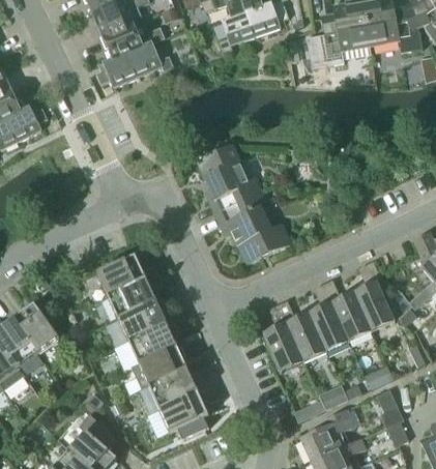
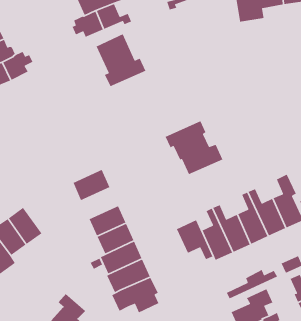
building: [197,144,262,213] -> [96,33,147,87]
building: [108,279,156,319] -> none
building: none -> [176,219,213,260]

